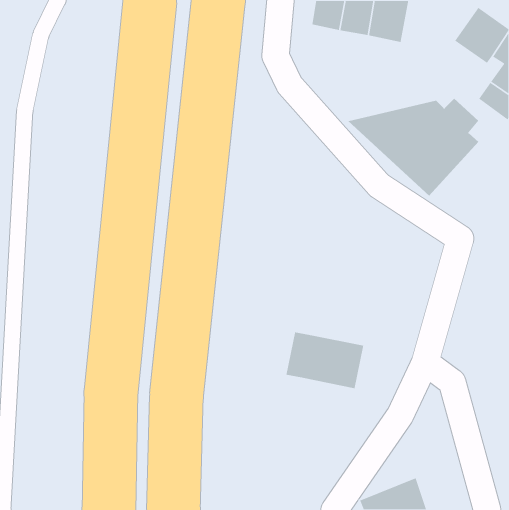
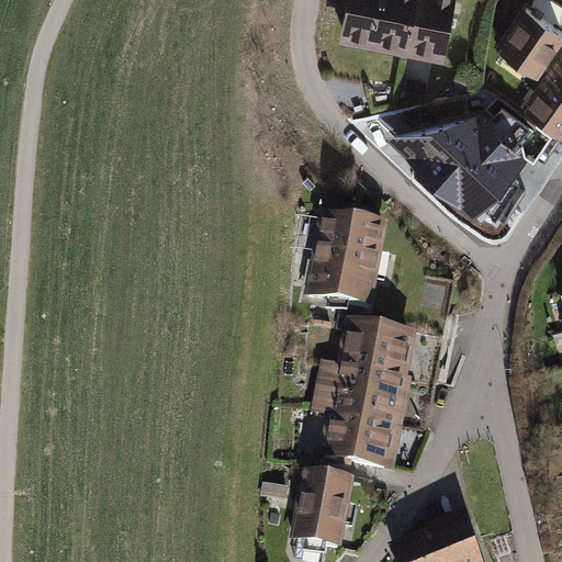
building: none -> [308,216,382,308]
building: none -> [341,327,408,380]
building: none -> [324,416,391,468]
building: none -> [294,476,349,548]

